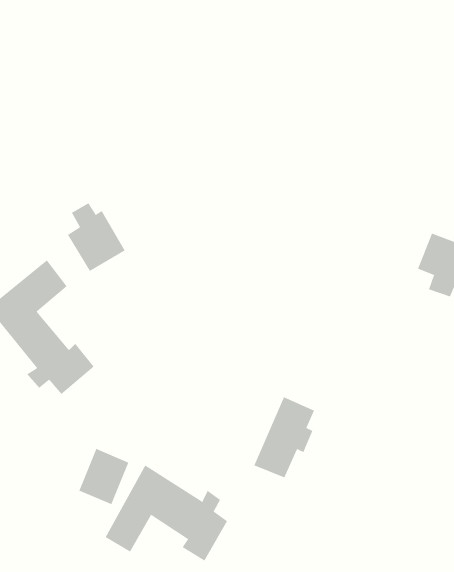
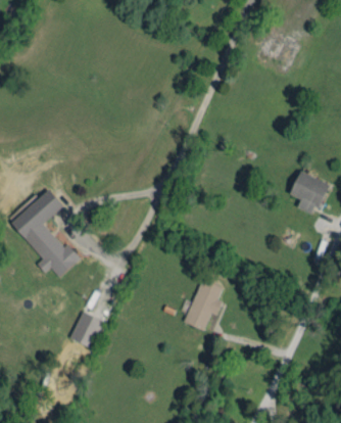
building: [67,203,125,272] -> none
building: [105,464,228,561] -> none

